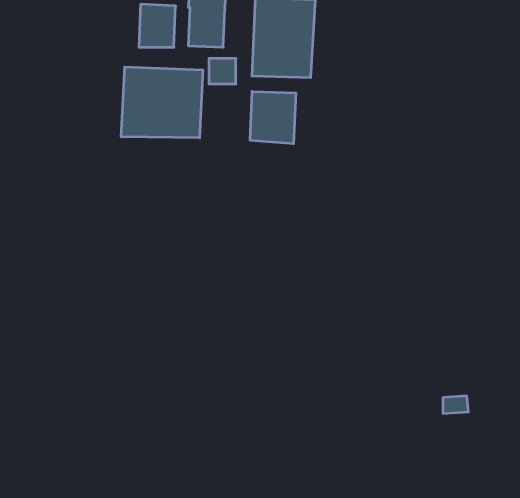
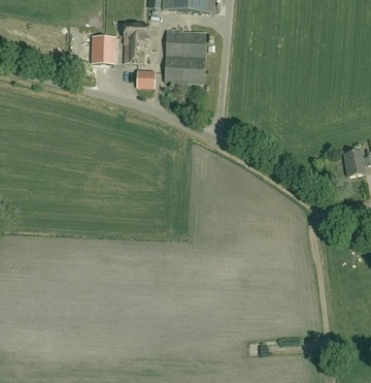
building: [121,67,203,138] -> none
building: [250,91,296,144] -> none

